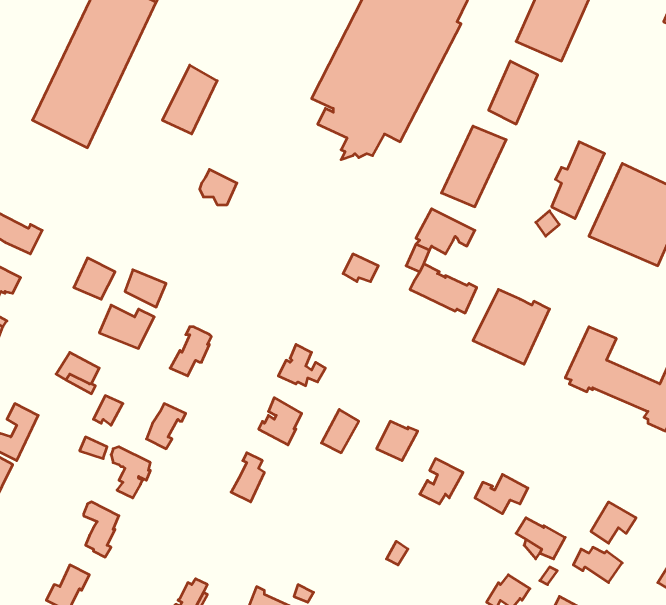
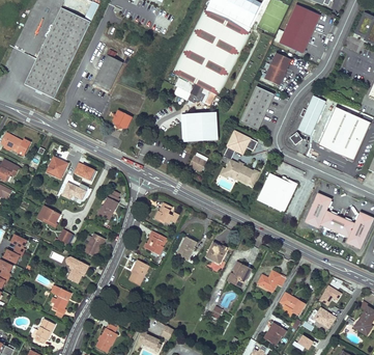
building: none -> [185,113,218,142]

